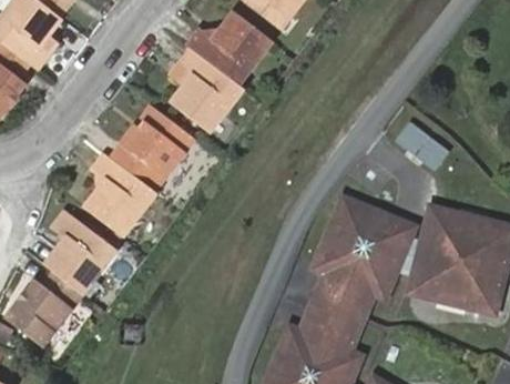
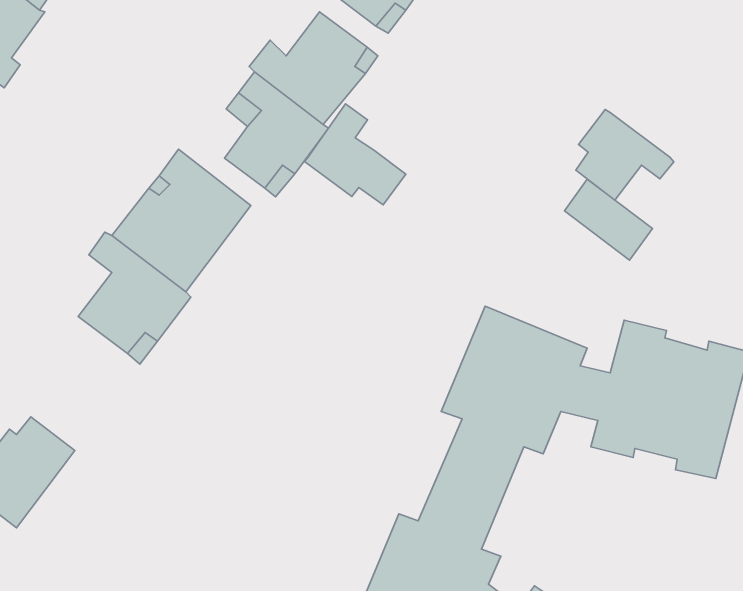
building: none -> [305,104,406,205]
building: none -> [576,110,674,200]
building: [50,212,116,291] -> none

